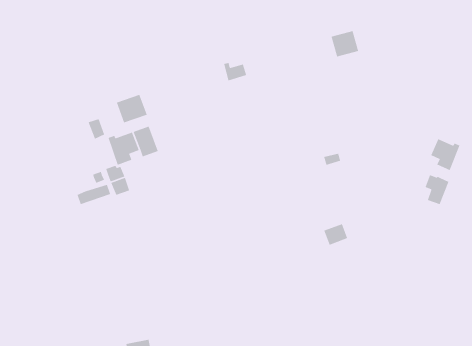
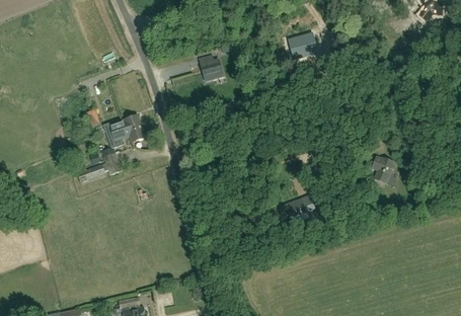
building: [116,94,148,124] -> none
building: [430,138,461,171] -> none

